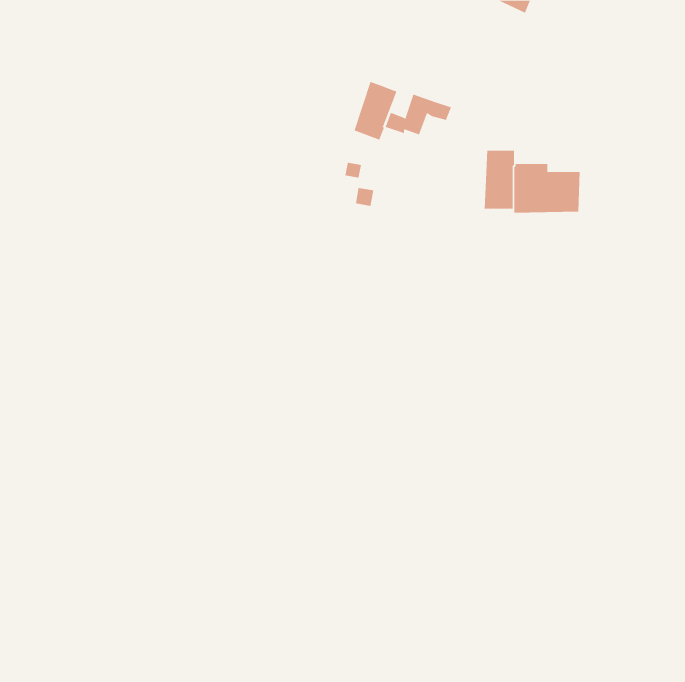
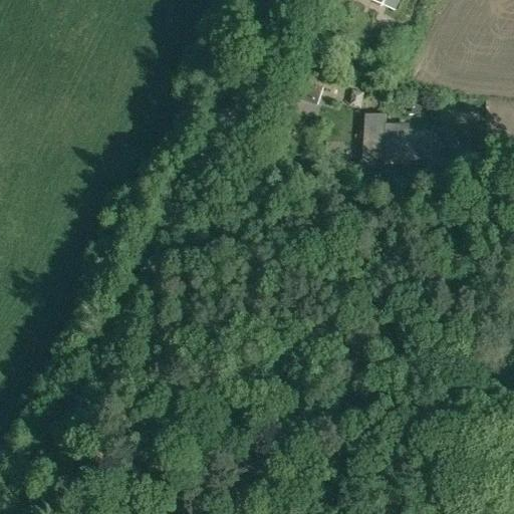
building: [354,81,397,141] -> none

